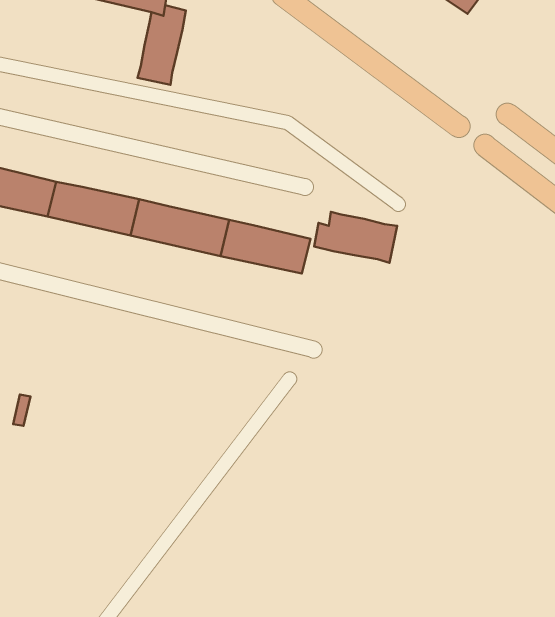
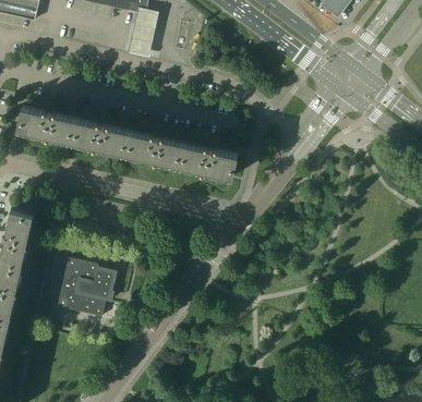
building: [314,212,397,263] -> none
building: none -> [57,257,116,317]

